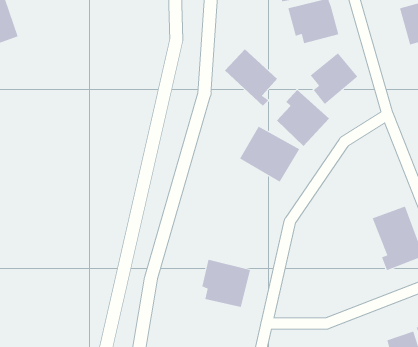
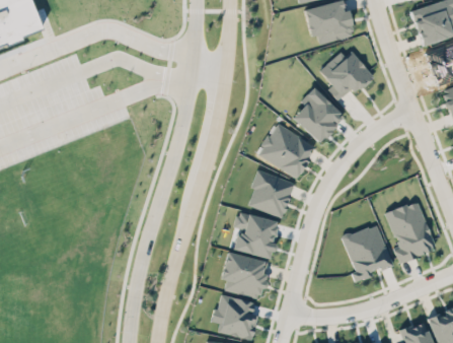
building: [224,49,278,106] -> none
building: none -> [247,169,295,217]
building: none -> [233,212,278,258]
building: none -> [342,223,392,282]
building: none -> [214,294,255,332]

